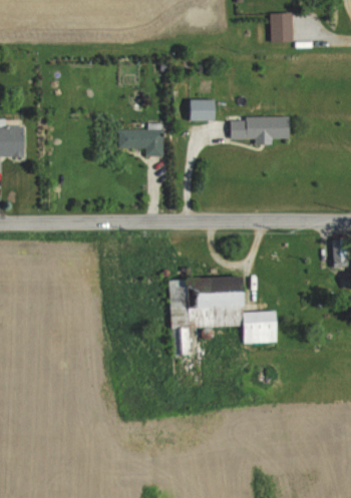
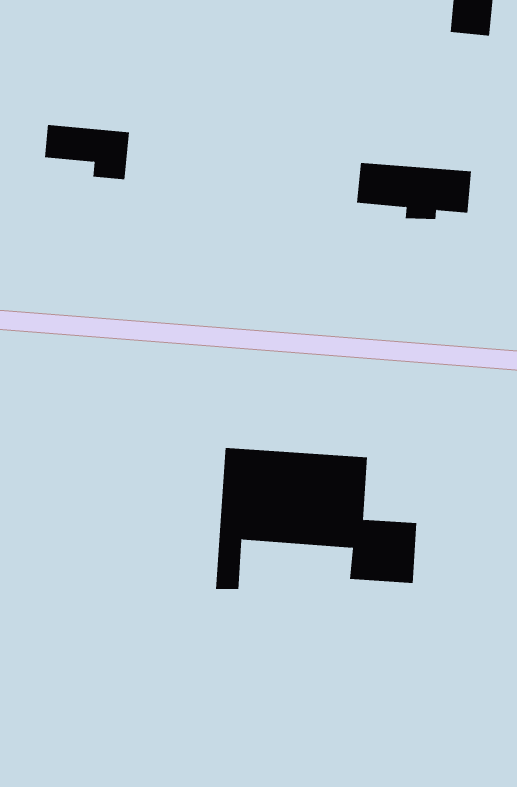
building: [187,99,217,120] -> none
building: [117,129,162,155] -> [44,125,130,180]

